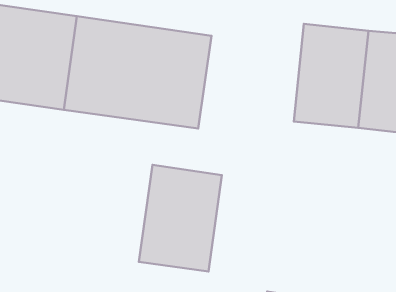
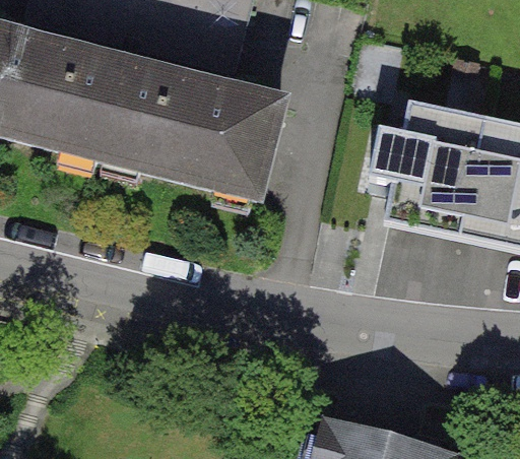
building: [139,165,222,271] -> none

